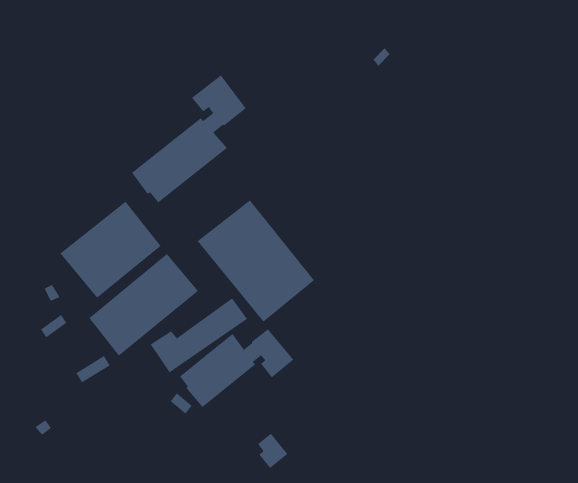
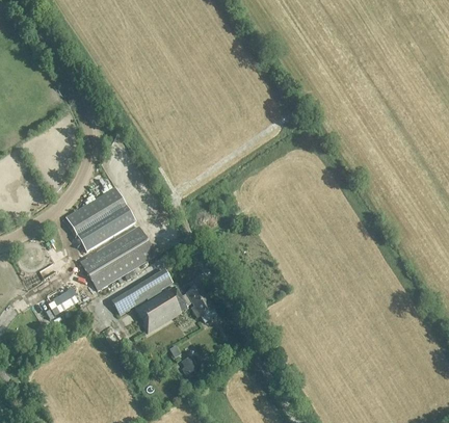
building: [131,74,246,203] -> none
building: [197,199,315,323] -> none

